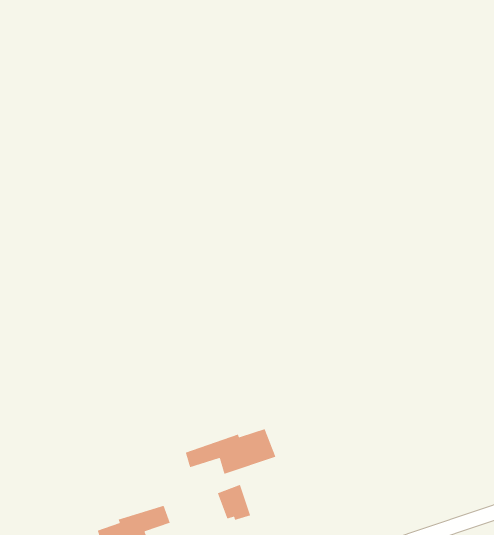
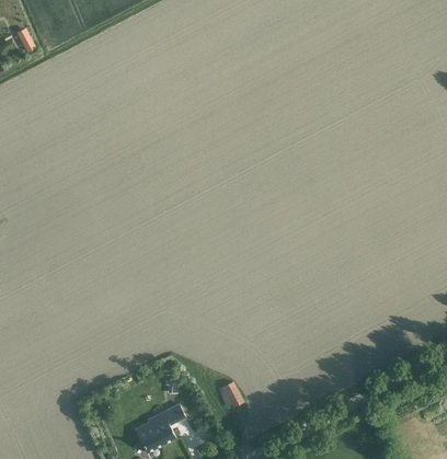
building: [185,428,276,475] -> none

